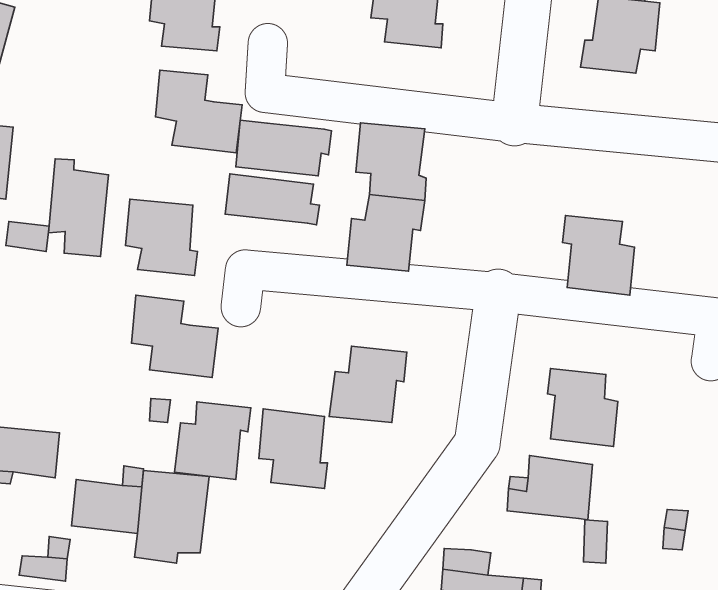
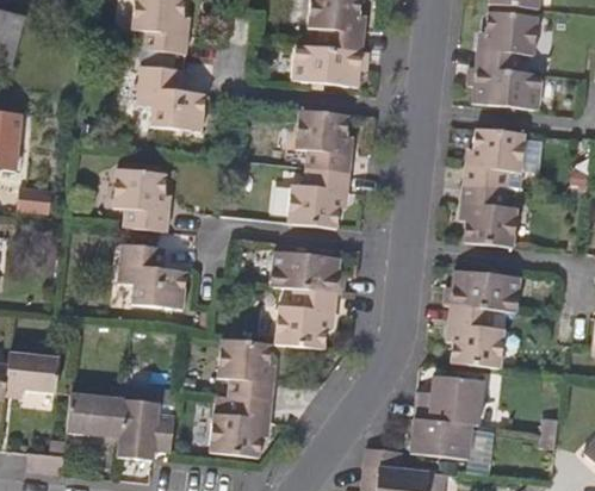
building: none -> [467,66,543,107]
building: [236,120,332,176] -> [293,43,370,87]
building: none -> [463,128,526,188]
building: [49,159,108,257] -> none
building: [225,174,320,225] -> [271,253,346,293]
building: none -> [444,271,522,311]
building: [174,402,251,480] -> [210,396,271,458]
building: none -> [414,418,473,460]

